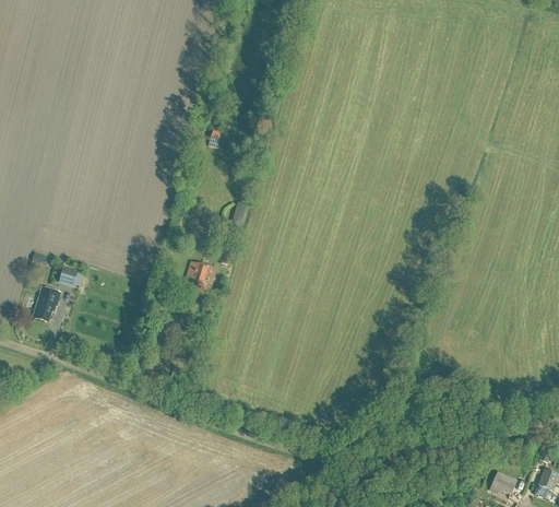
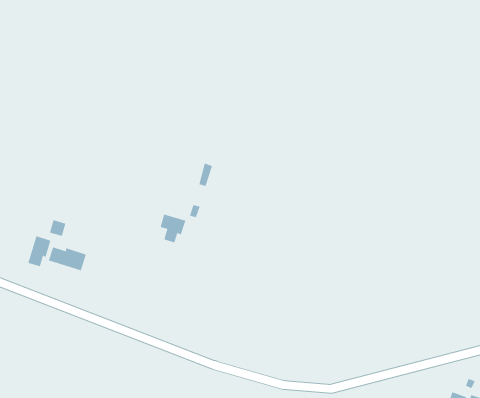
building: none -> [48,246,86,271]

